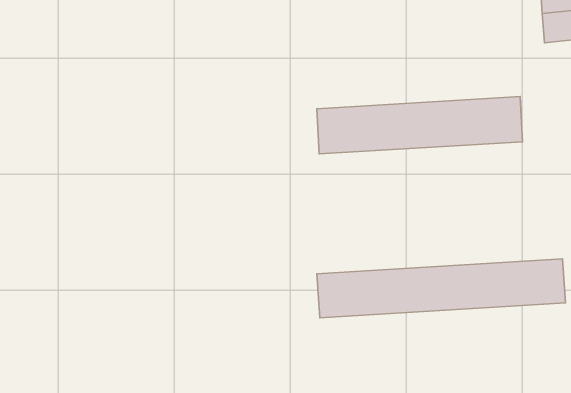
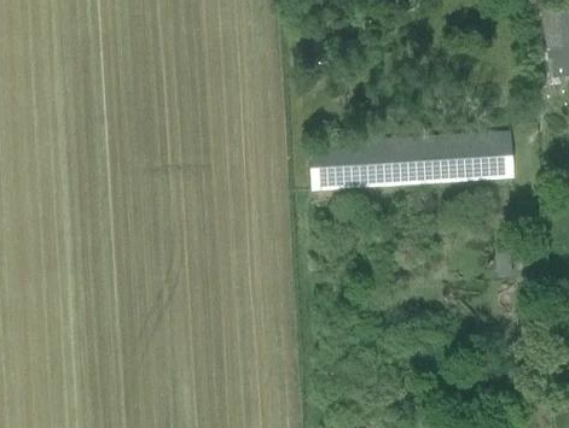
building: [317,259,565,318] -> none

